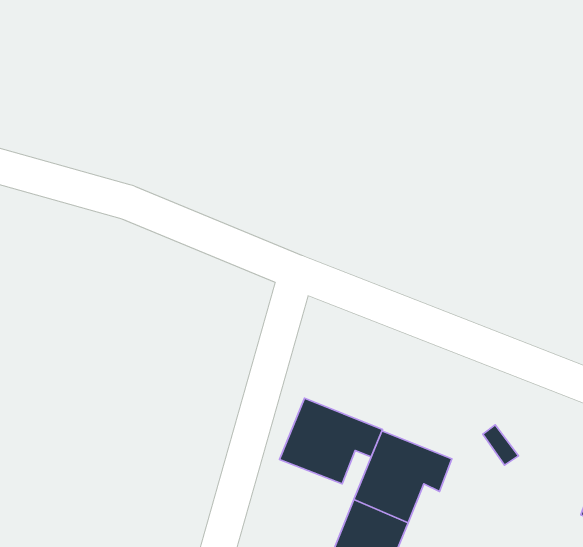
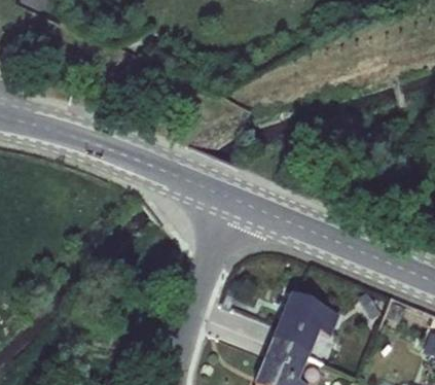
building: [279,398,382,484] -> none

